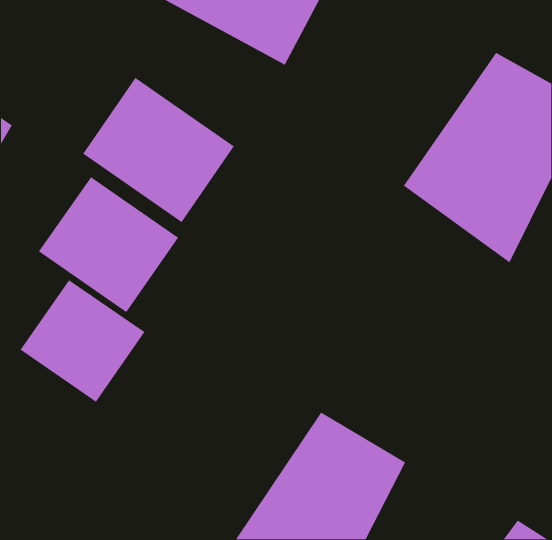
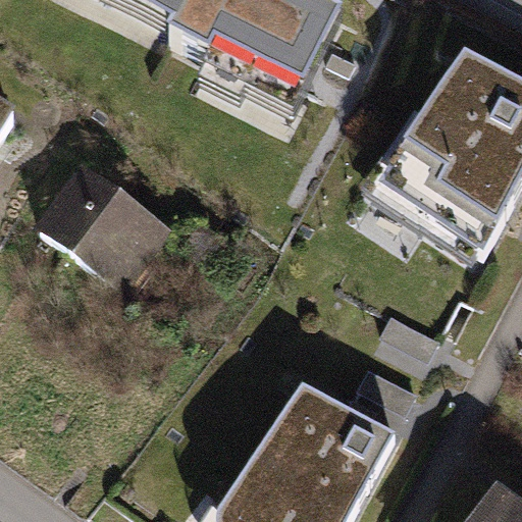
building: [82,77,235,223] -> none
building: [20,279,145,403] -> none

